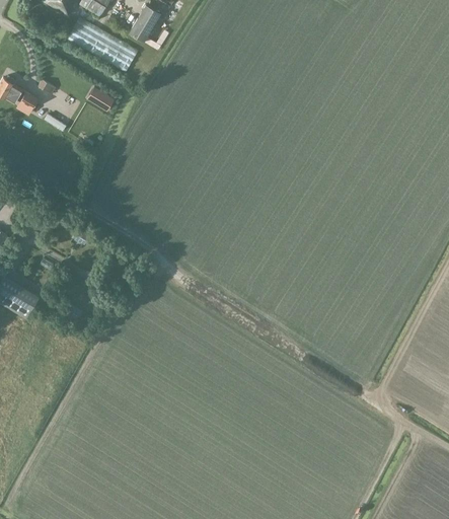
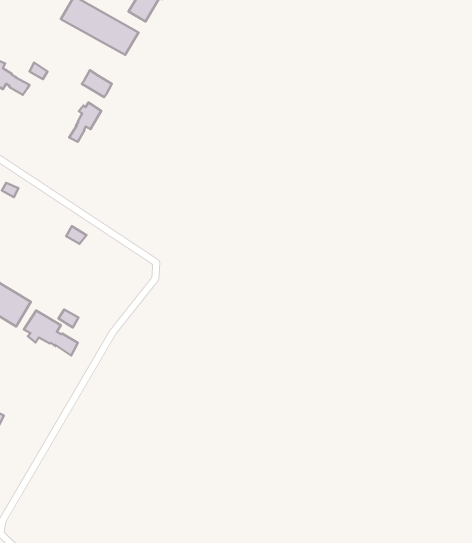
building: none -> [69,102,101,142]
building: none -> [24,311,78,355]

